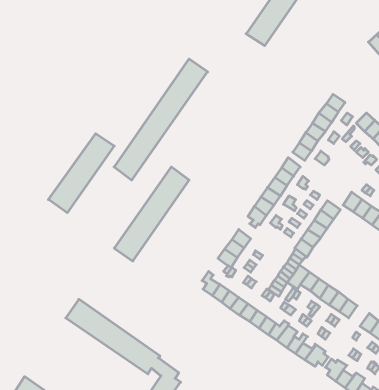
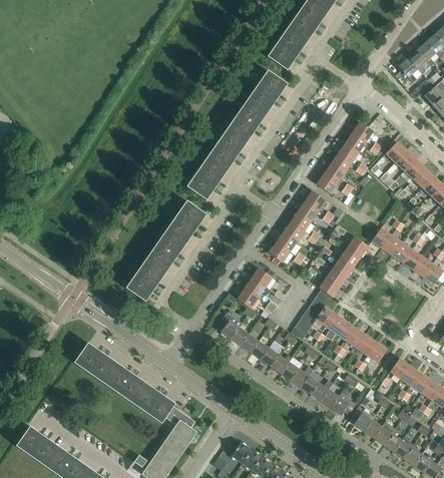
building: [114,59,208,180] -> [186,70,287,200]
building: [48,134,114,213] -> none

